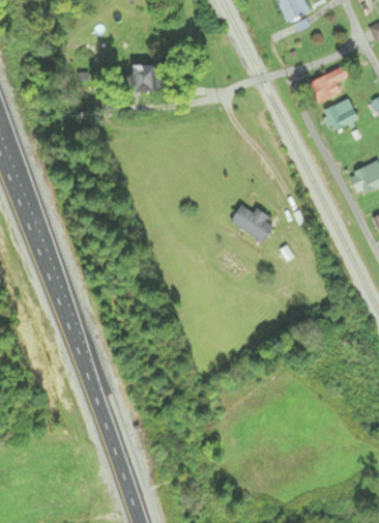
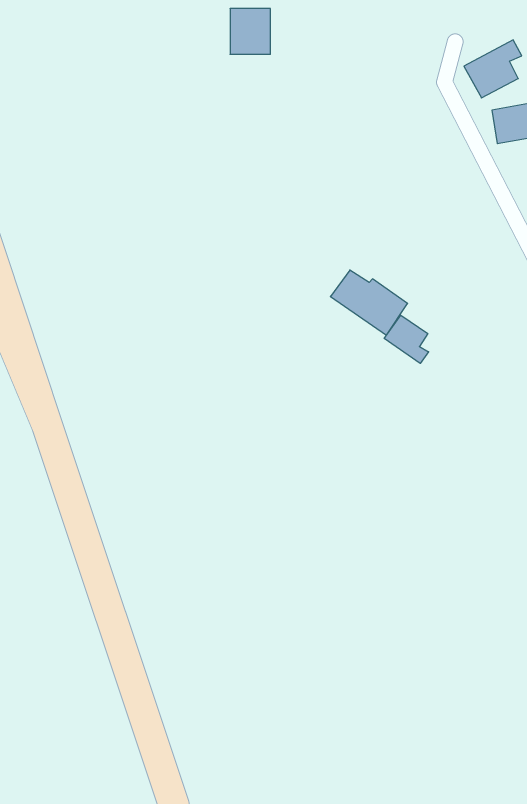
building: [130,63,154,90] -> [230,9,270,54]
building: none -> [384,315,429,363]

